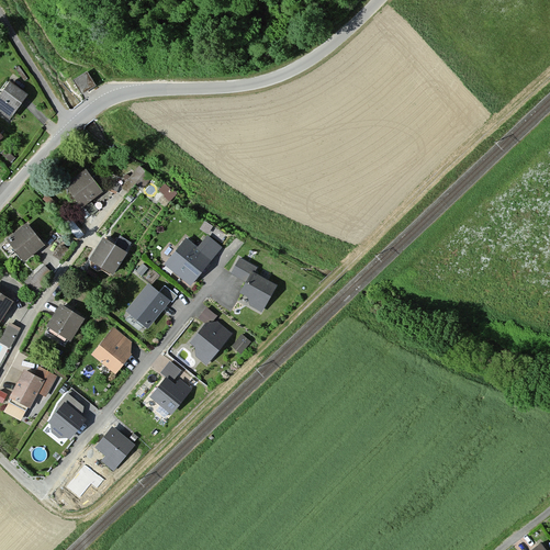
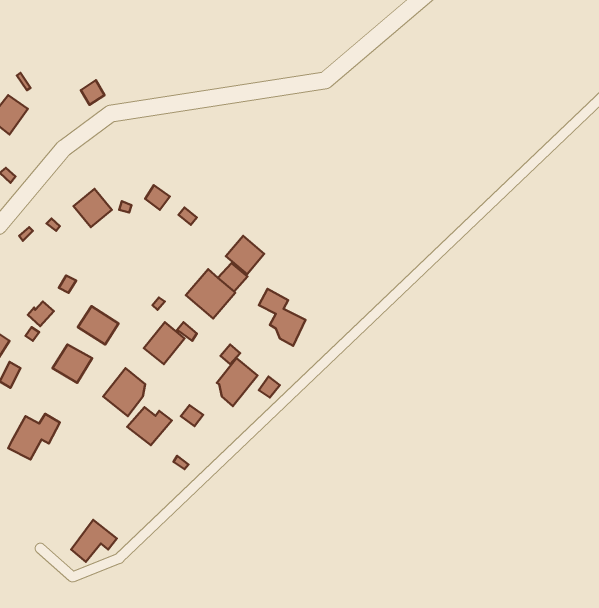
building: none -> [226,236,264,274]
building: [5,225,43,262] -> none
building: [89,240,125,274] -> [78,306,119,344]
building: [150,377,190,411] -> [127,407,172,445]
building: [48,394,83,437] -> none
building: [98,429,132,471] -> none

